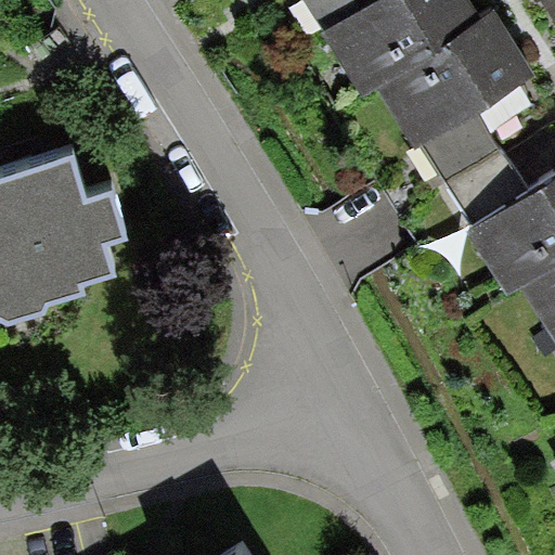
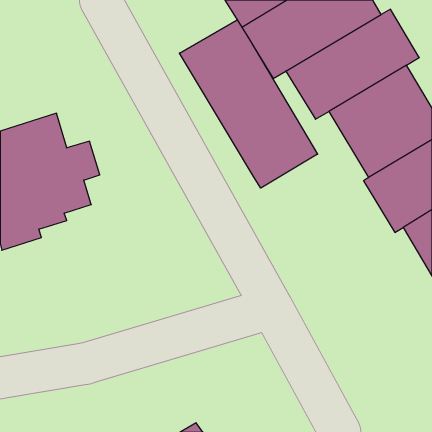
building: none -> [179,20,318,188]

